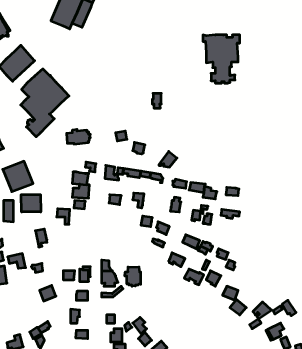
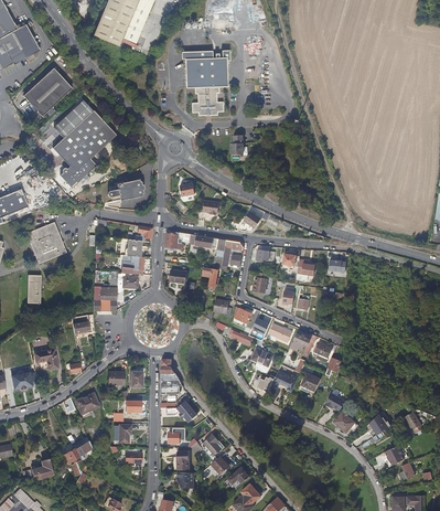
building: [203,35,240,83] -> [180,49,229,114]
building: [21,195,41,212] -> none
building: [125,267,141,286] -> none

